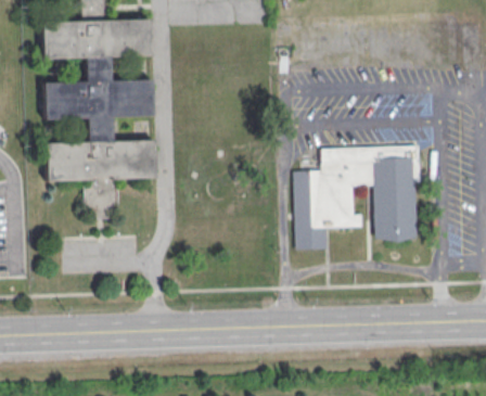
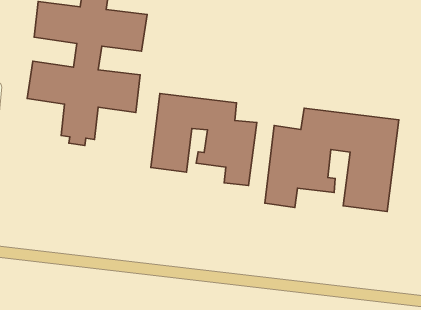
building: none -> [151,93,257,185]

